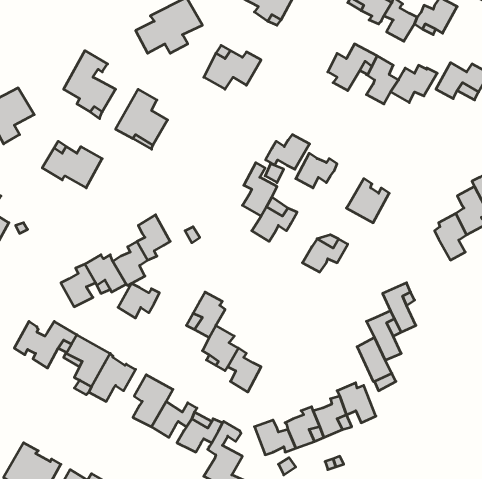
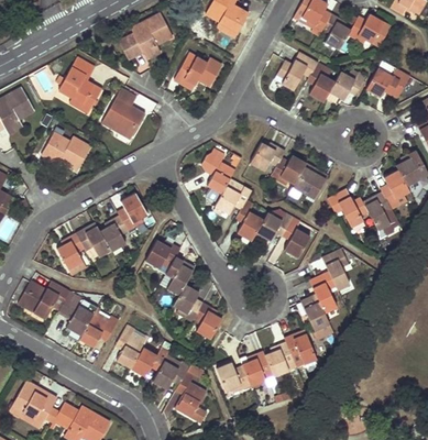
building: [266,135,310,169] -> [270,155,306,184]
building: none -> [327,188,367,227]
building: none -> [237,200,263,241]
building: none -> [284,217,310,257]
building: [118,283,159,318] -> [145,240,179,268]

